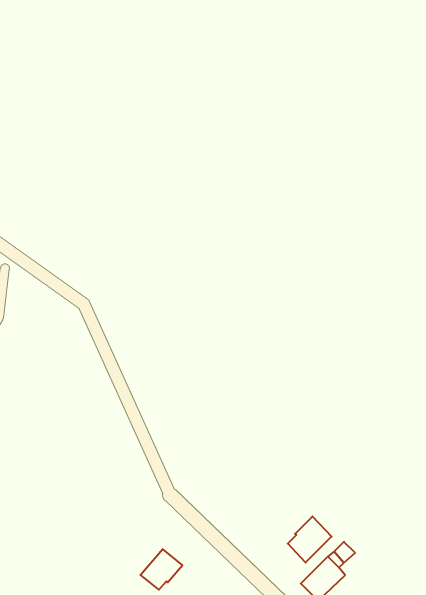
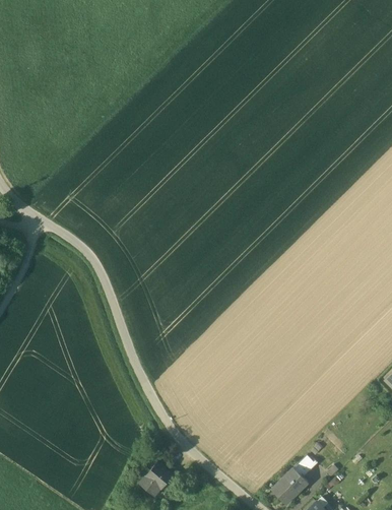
building: [288,516,332,563] -> none

